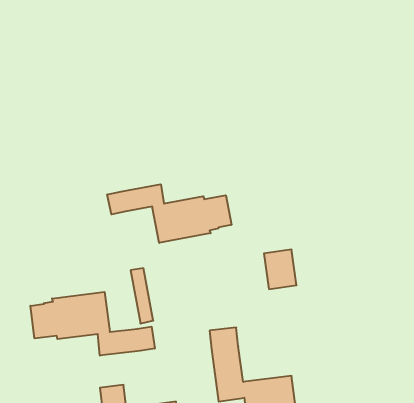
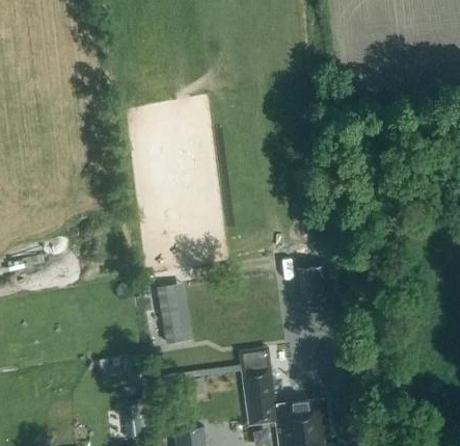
building: [107,184,231,243] -> none
building: [30,292,155,356] -> none

